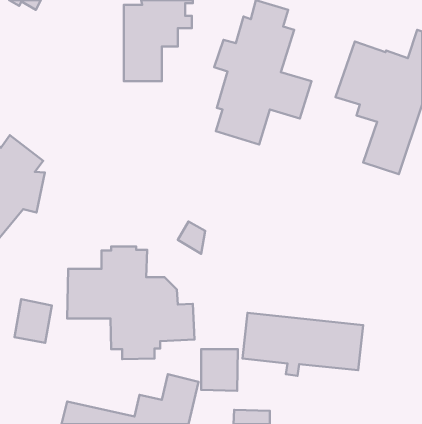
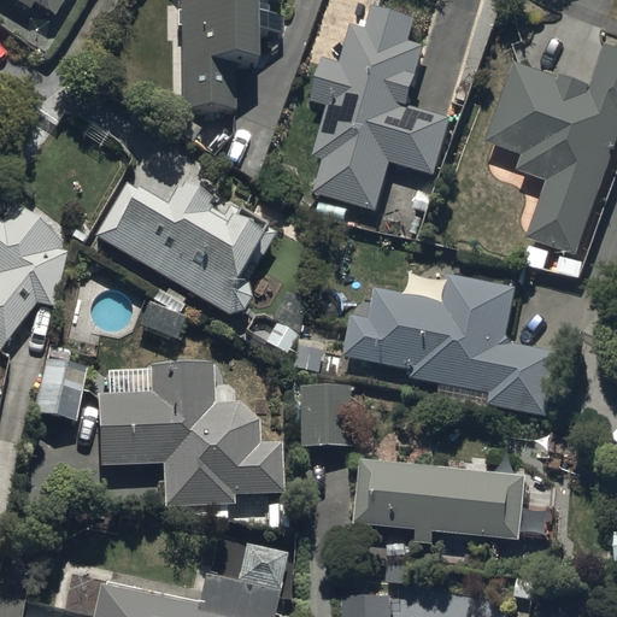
building: none -> [92,180,264,316]
building: none -> [342,272,559,417]
building: [14,299,52,343] -> [30,358,84,422]
building: [201,349,238,391] -> [295,387,348,447]

